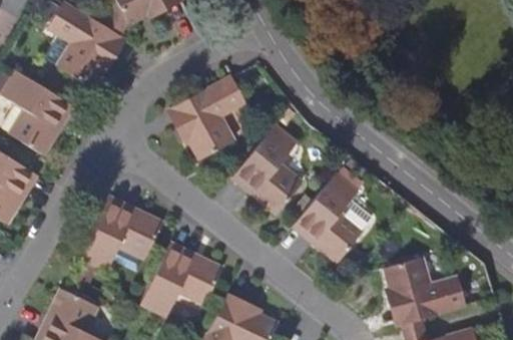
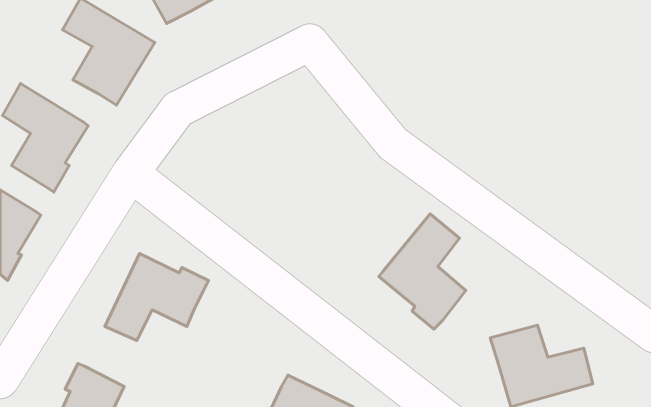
building: [173,77,245,159] -> none
building: [235,122,304,213] -> none
building: [140,247,221,318] -> none

